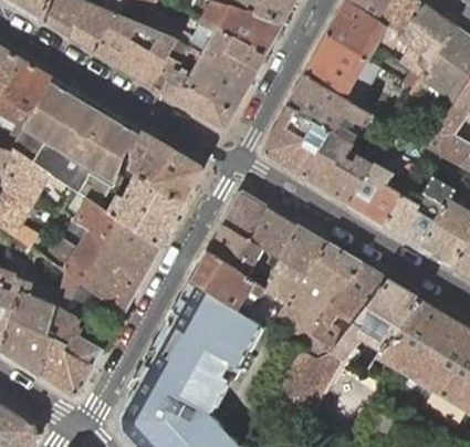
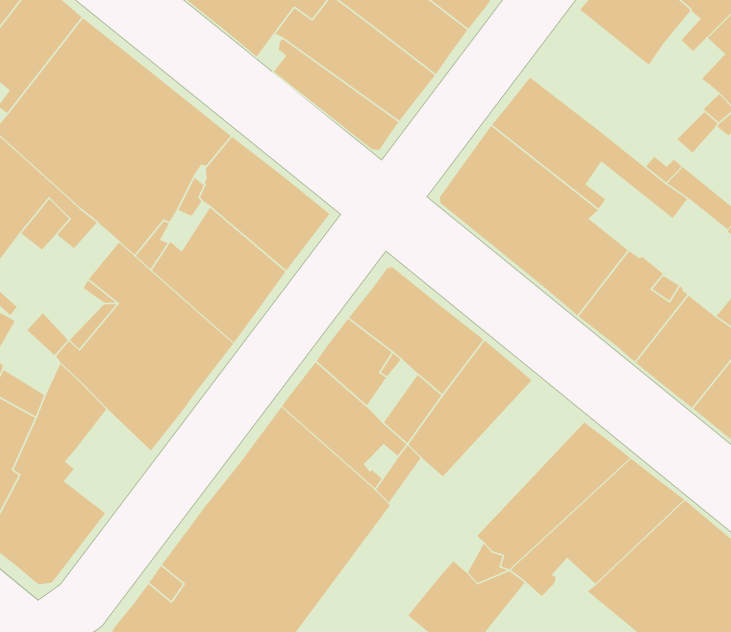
building: [303,34,366,98] -> none
building: [280,243,361,335] -> none

